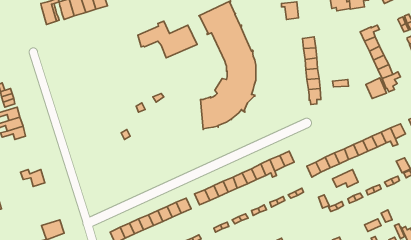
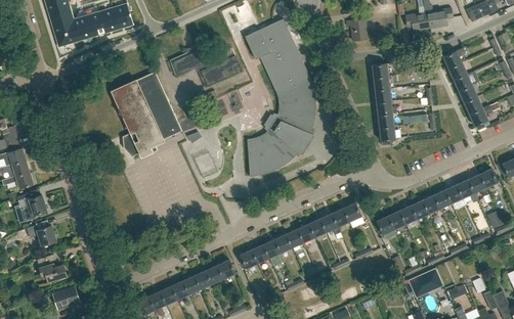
building: none -> [111,72,182,157]
building: [366,78,386,99] -> none
building: none -> [17,193,47,220]
building: [332,170,358,187] -> [410,270,441,291]
building: none -> [37,255,67,282]

